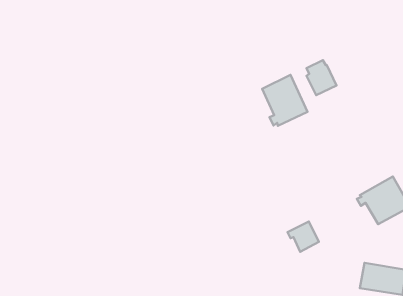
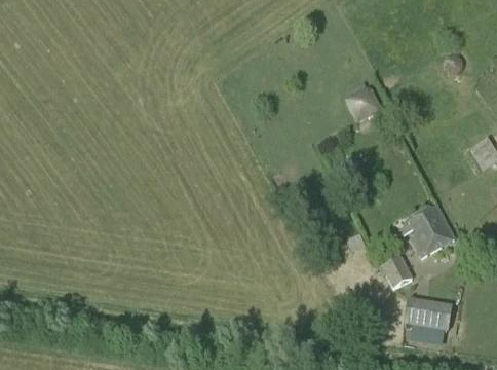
building: [262,75,307,126] -> none
building: [288,222,319,252] -> [379,256,412,288]

